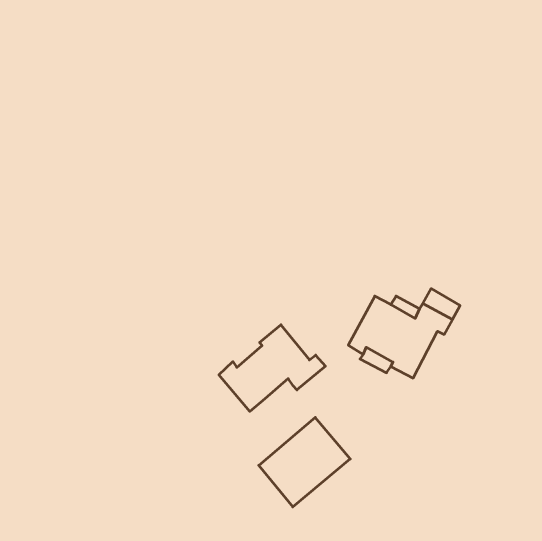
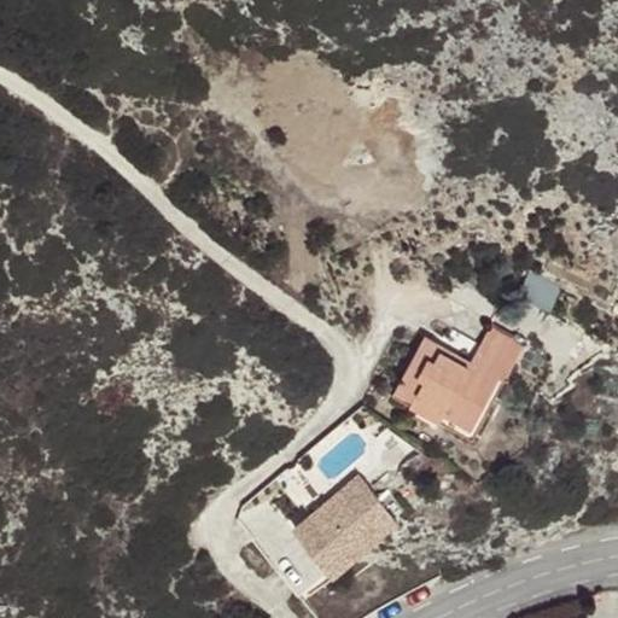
building: [219,325,325,411] -> none

